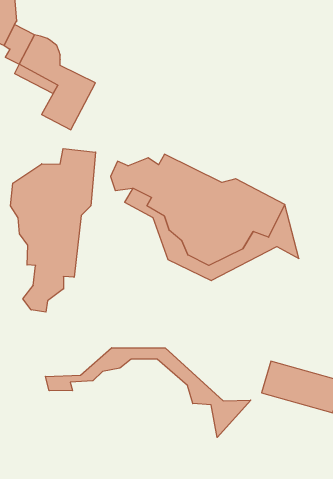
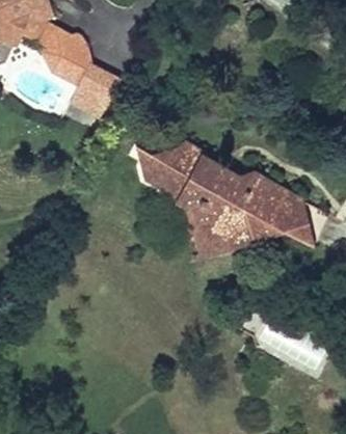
building: [10,149,96,312] -> none
building: [45,348,251,437] -> none

